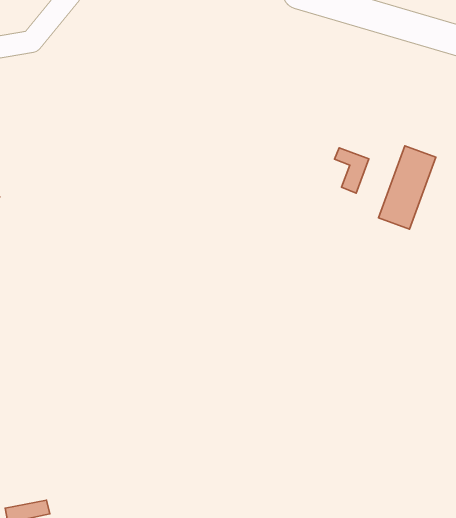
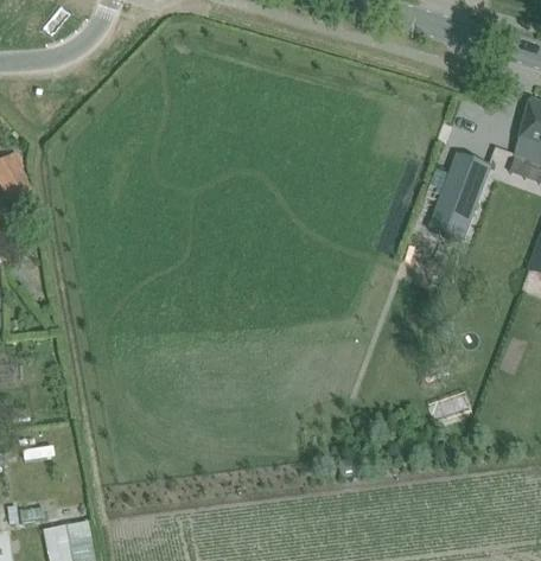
building: [334,148,369,193] -> none

